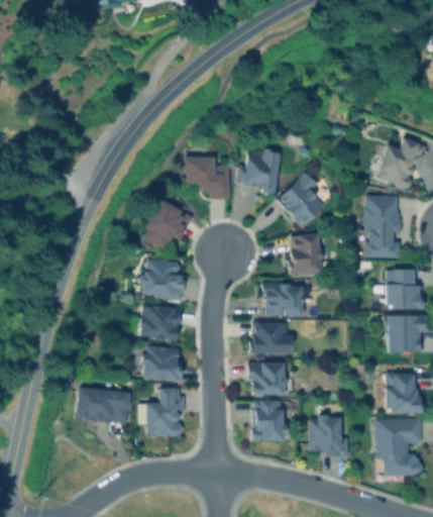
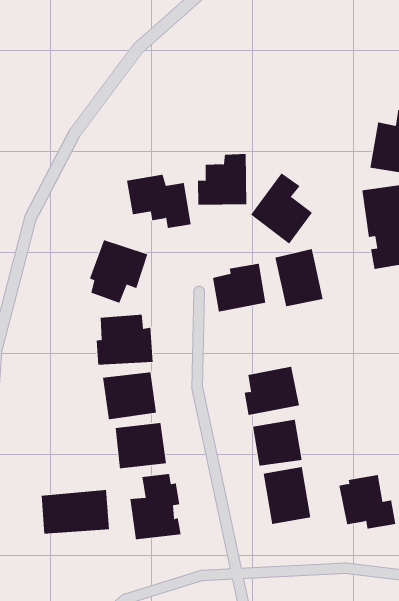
building: [264,284,303,316] -> [212,263,266,312]

